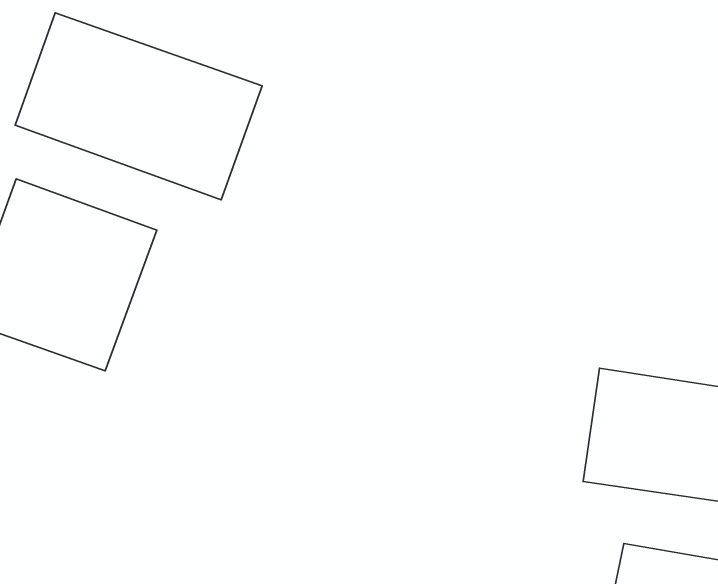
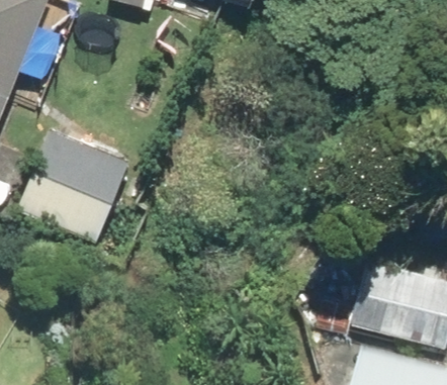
building: [15,13,262,200] -> none

